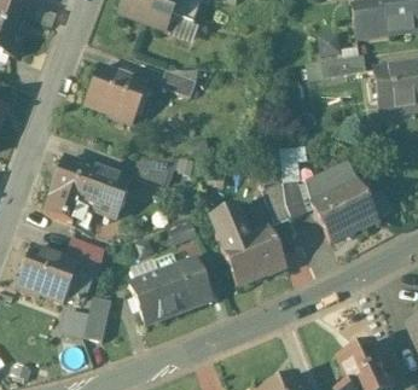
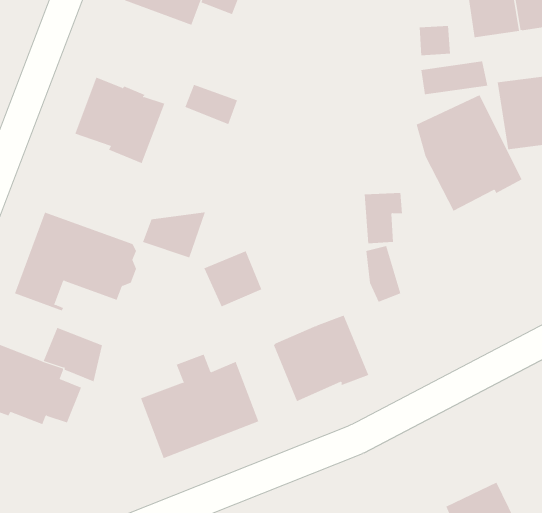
building: [304,162,377,241] -> [416,94,522,212]
building: [261,182,291,225] -> none
building: [209,206,249,245] -> [204,250,262,307]
building: [83,296,111,339] -> none

